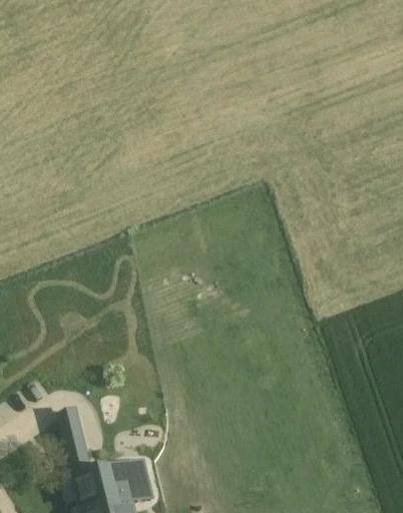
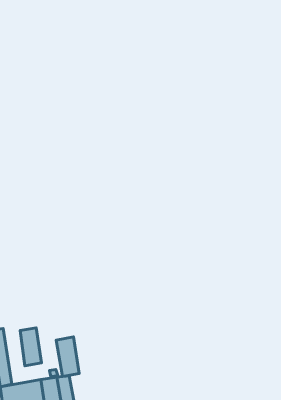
building: none -> [20,328,42,366]
building: none -> [56,337,79,377]

